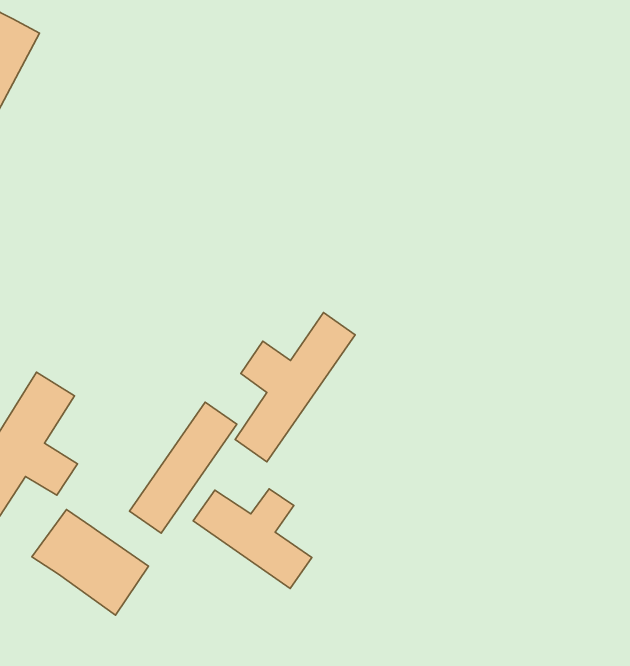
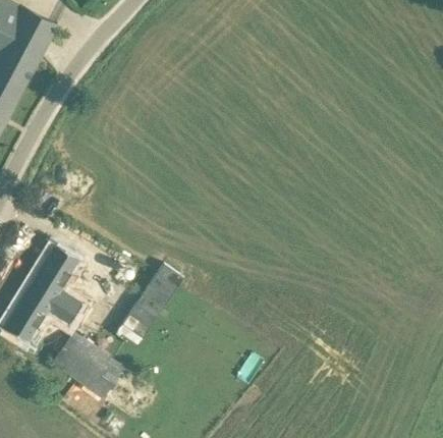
building: [235,313,355,462] -> none
building: [193,489,312,588] -> none

